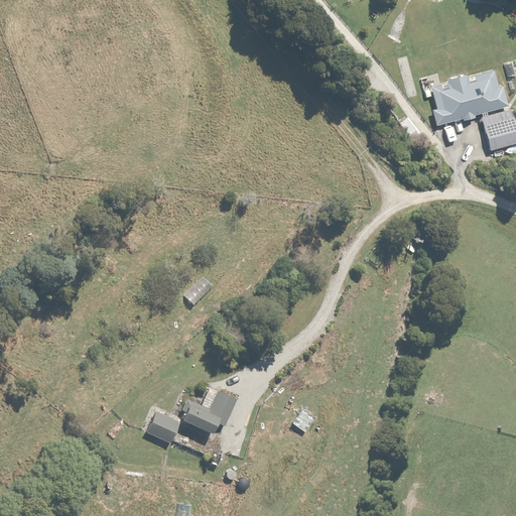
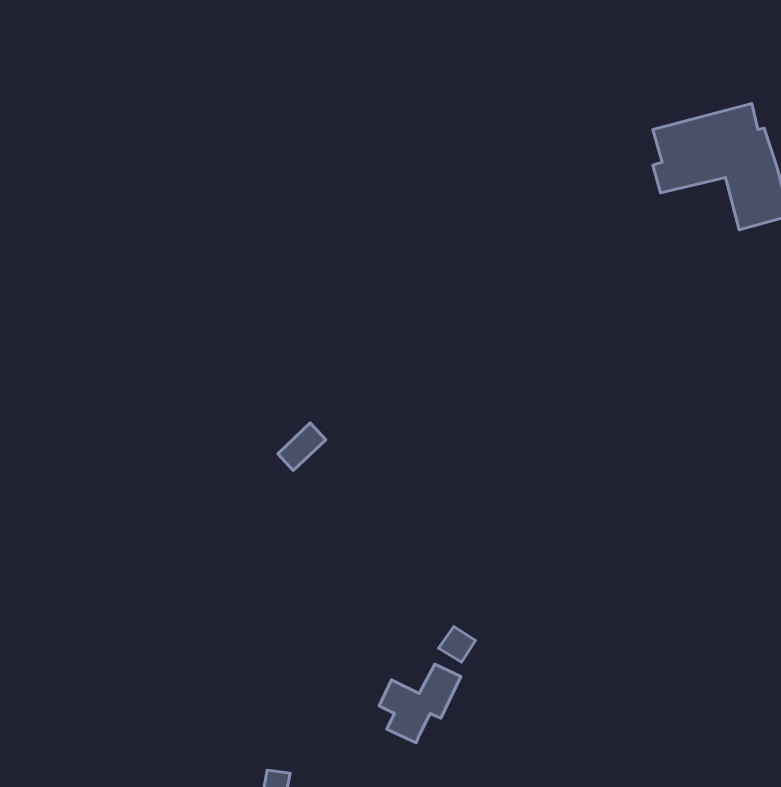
building: [183,390,237,441] -> [379,664,461,743]
building: [147,411,179,442] -> none

